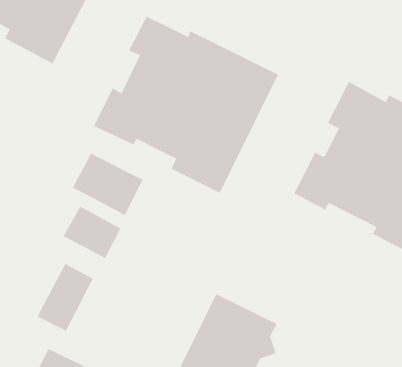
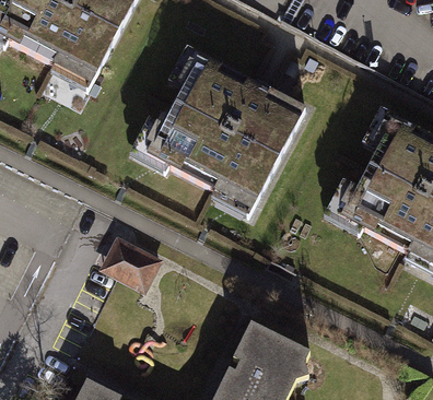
building: [72,153,143,216] -> none
building: [37,263,94,331] -> none

